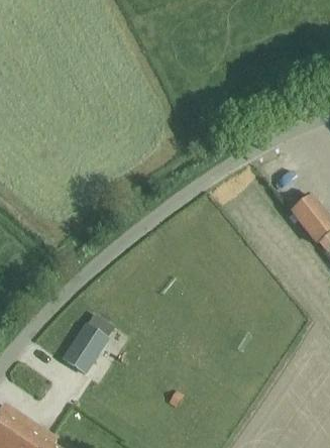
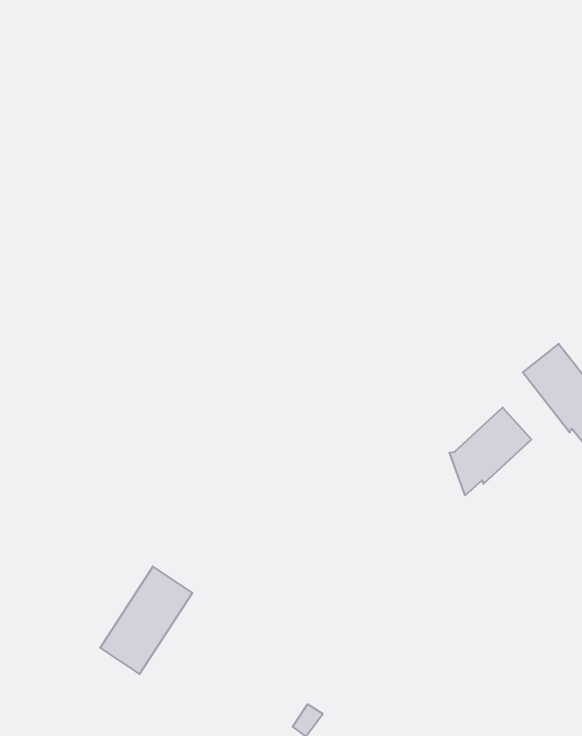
building: none -> [449,407,531,495]

